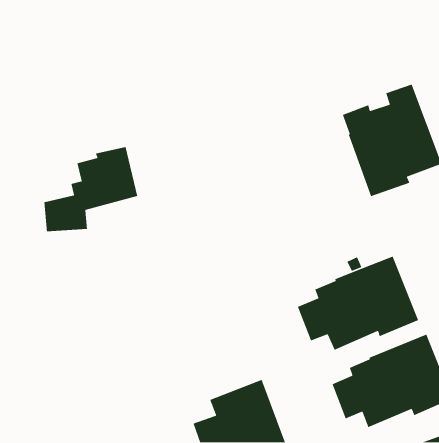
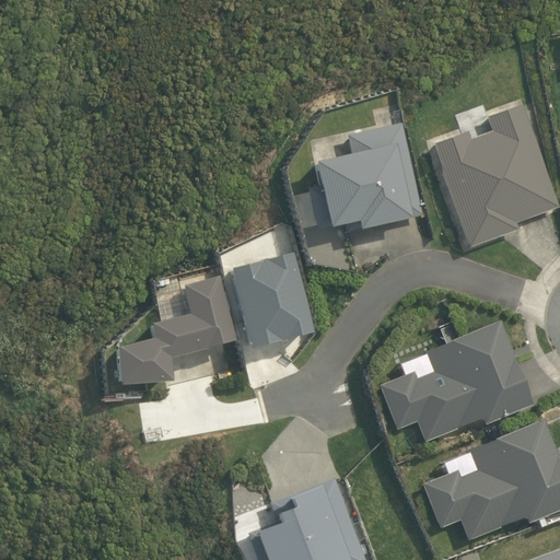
building: none -> [308,122,424,233]
building: [44,146,138,232] -> [114,277,233,385]
building: none -> [228,253,312,348]

